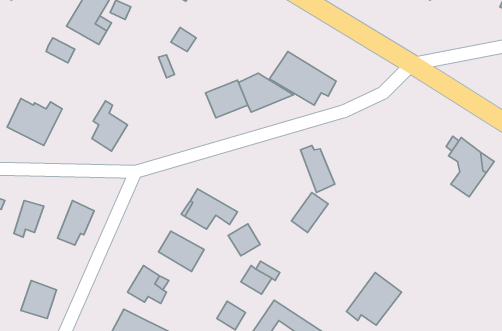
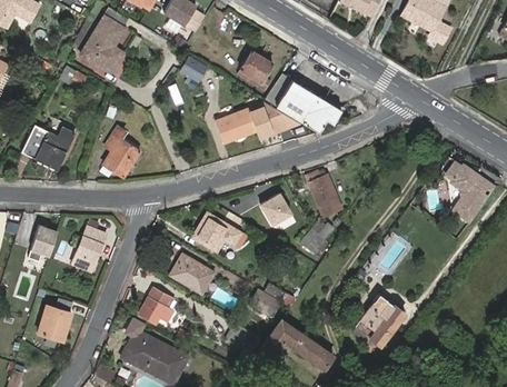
building: none -> [233,49,269,86]
building: [228,224,260,256] -> [259,193,290,225]

